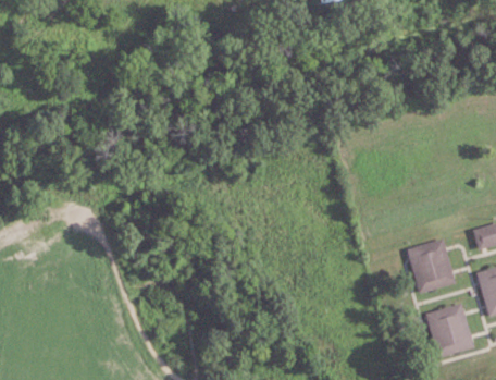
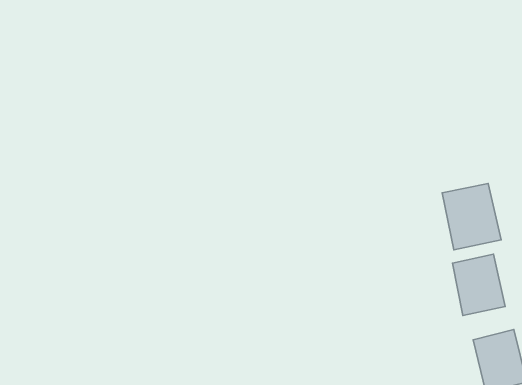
building: none -> [442,183,501,250]

